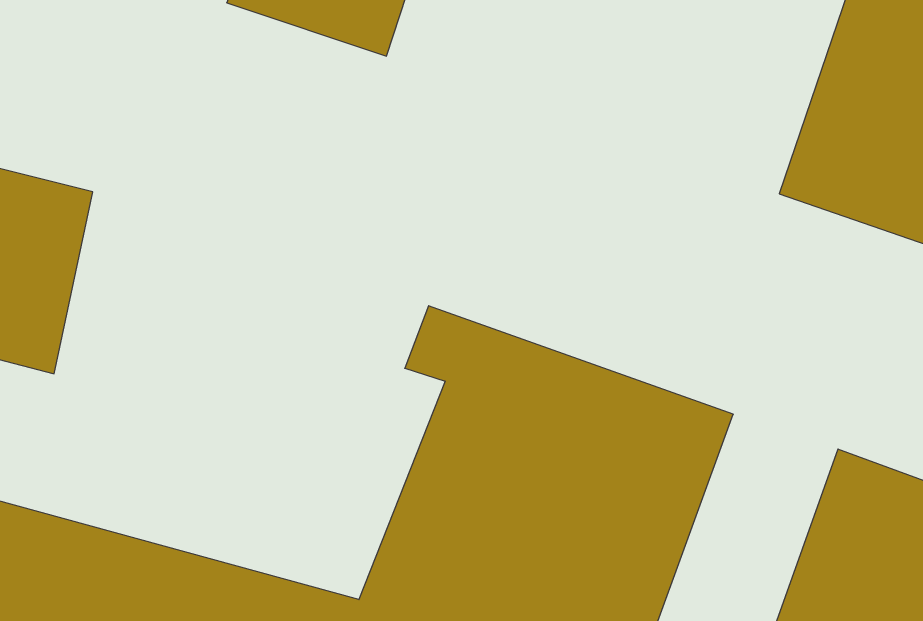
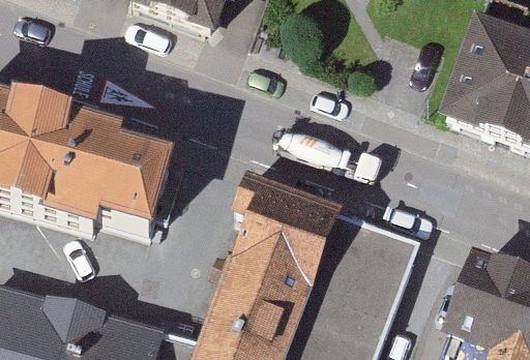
building: none -> [34,111,180,230]

